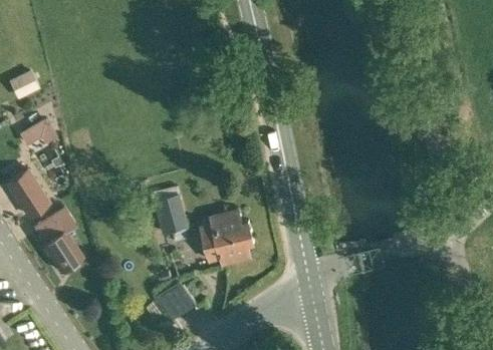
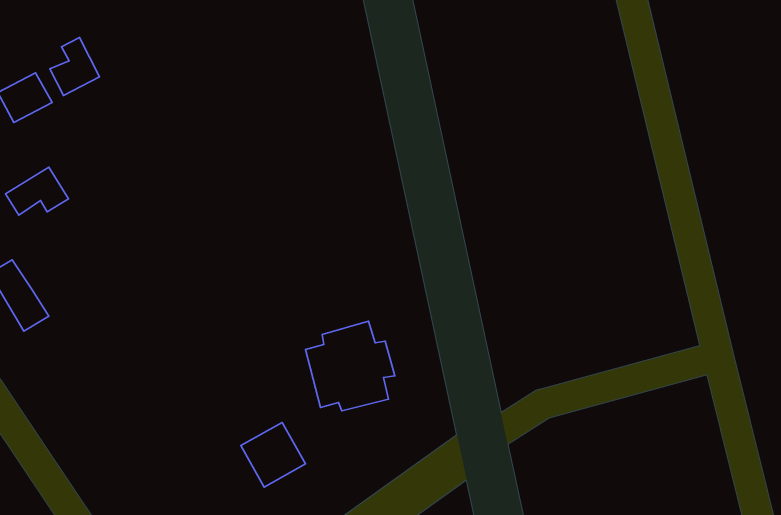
building: none -> [50,38,100,95]
building: [154,197,186,236] -> none
building: [33,209,81,273] -> none

